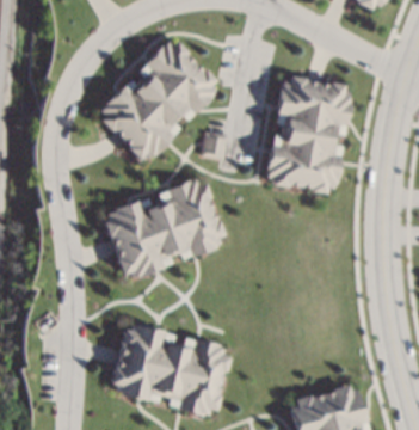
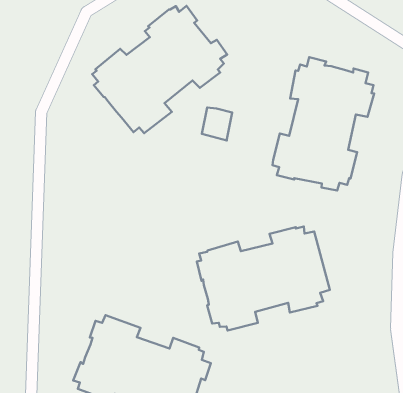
building: [104,180,224,280] -> [197,227,330,330]

